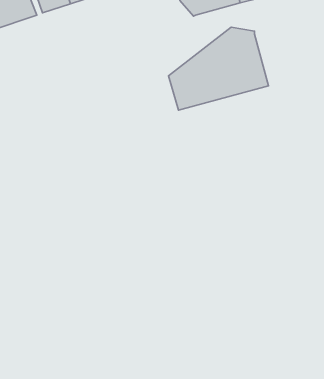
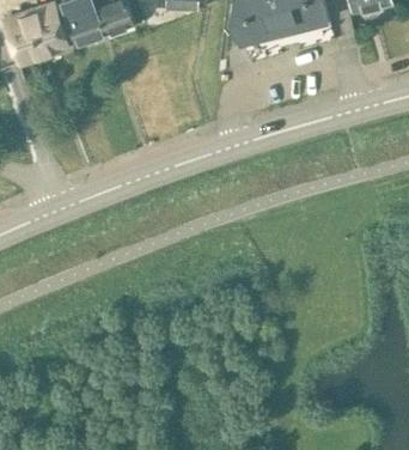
building: [169,27,268,110] -> none

